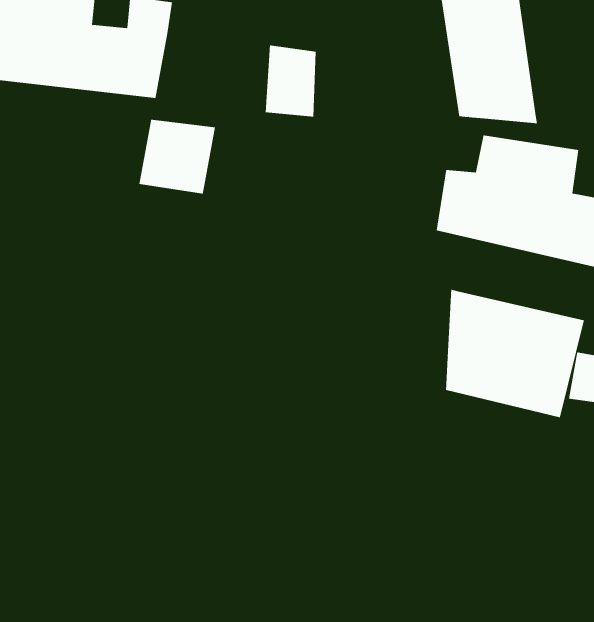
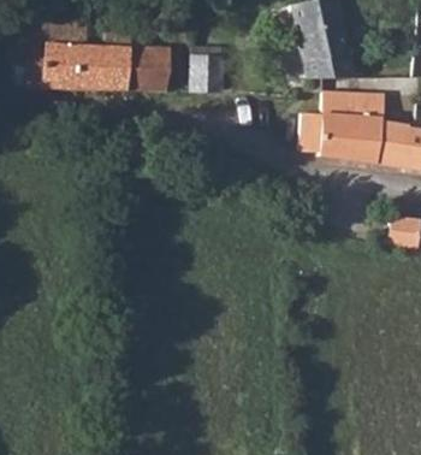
building: [138,119,216,194] -> [124,48,167,90]
building: [445,289,585,418] -> none

